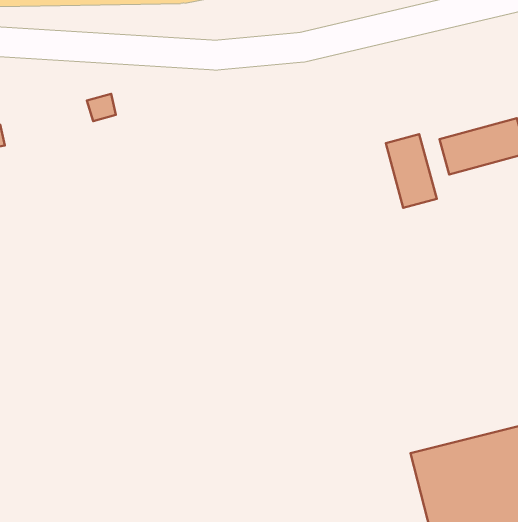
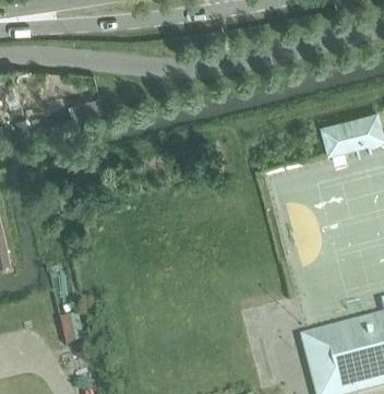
building: [386,134,437,208] -> none

